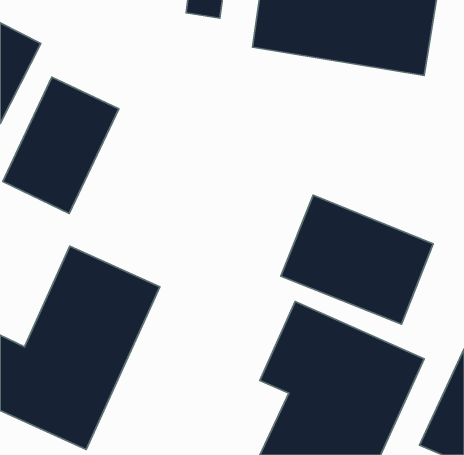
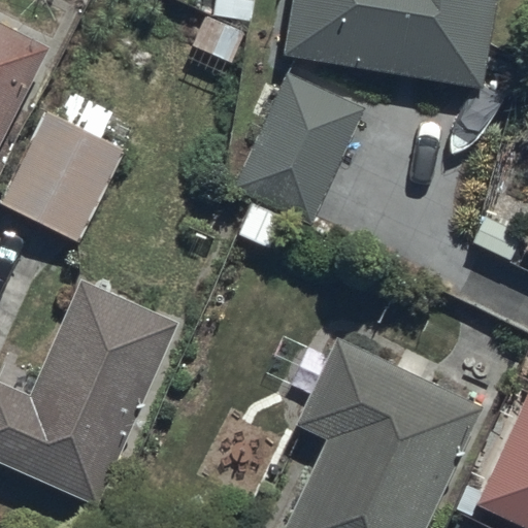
building: none -> [231,70,362,249]
building: [281,195,433,324] -> none

